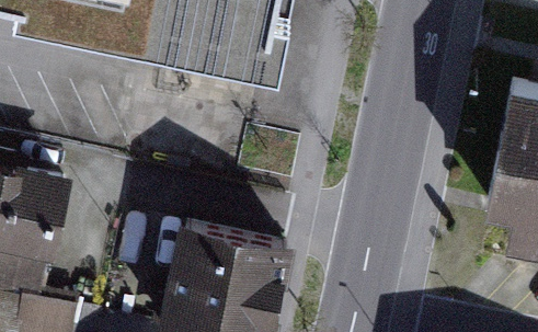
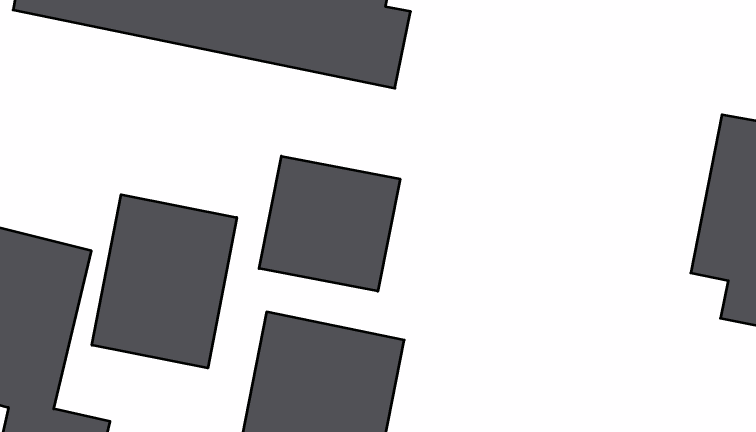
building: none -> [259,156,400,291]
building: none -> [92,195,237,368]

